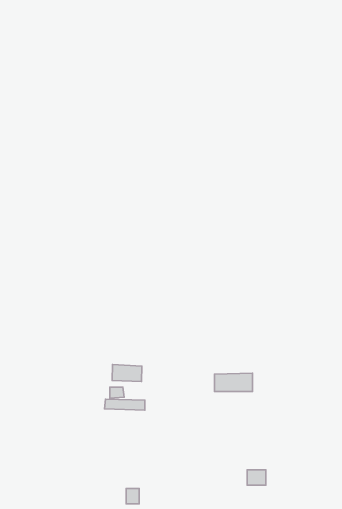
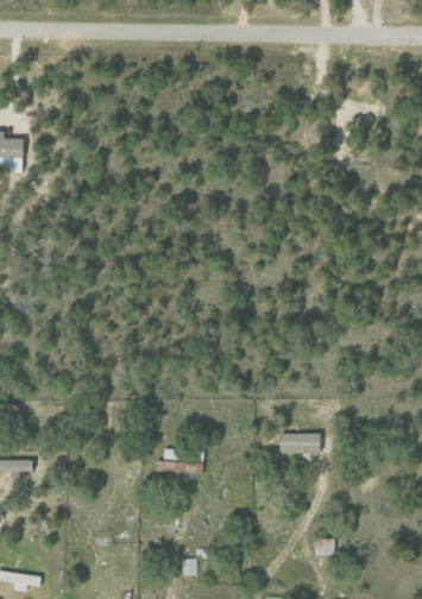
building: [112,364,142,381] -> none

